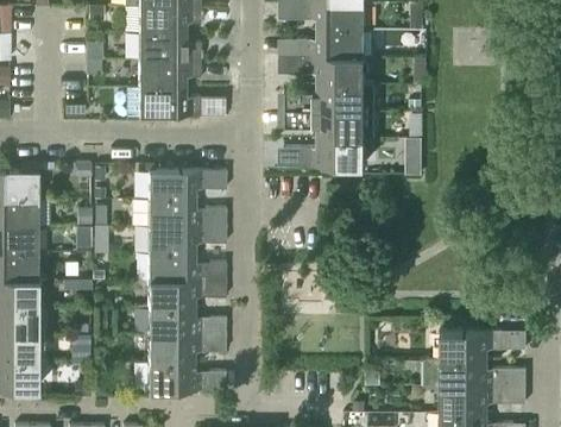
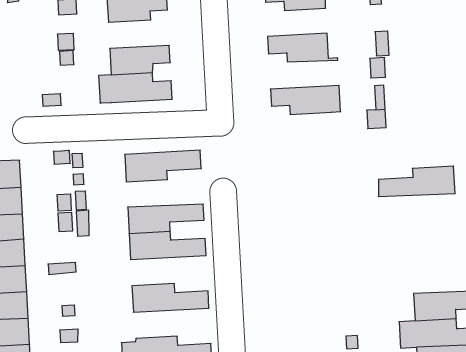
building: [303,30,365,56] -> none
building: [139,32,201,59] -> none
building: [303,83,374,111] -> none
building: [285,138,365,167] -> [378,166,455,197]
building: [149,199,227,226] -> none
building: [149,280,227,307] -> none
building: [149,334,227,362] -> none

